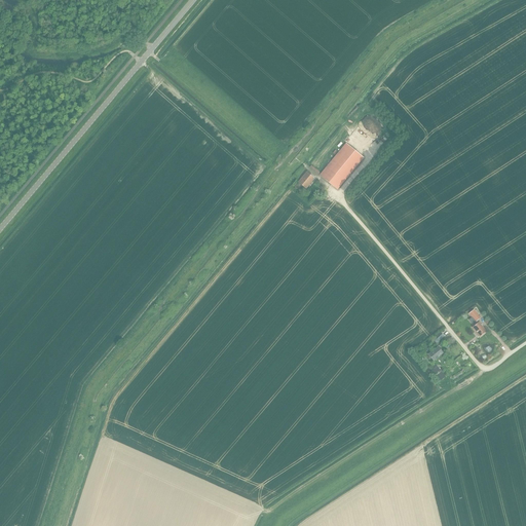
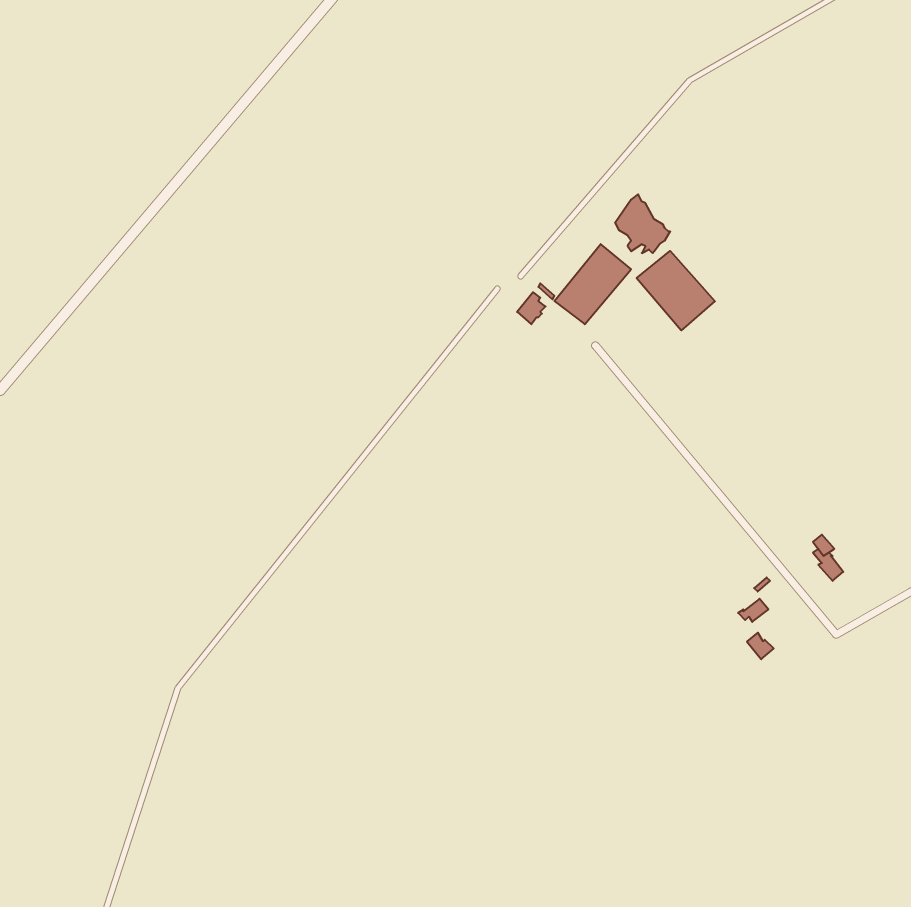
building: none -> [637,251,715,330]

